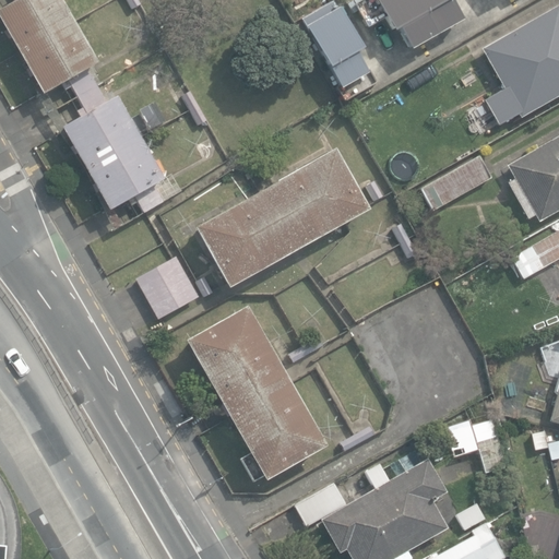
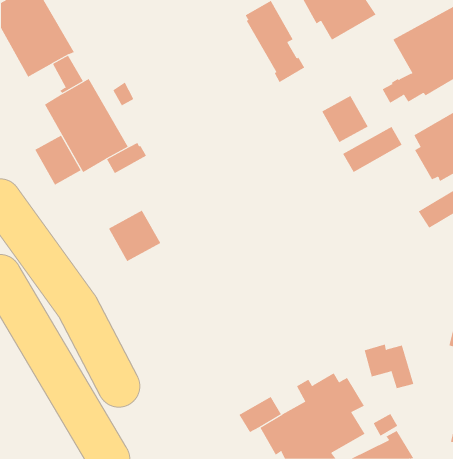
building: none -> [322,95,368,143]
building: [193,146,369,287] -> none
building: none -> [34,135,82,185]
building: [185,305,328,480] -> none

